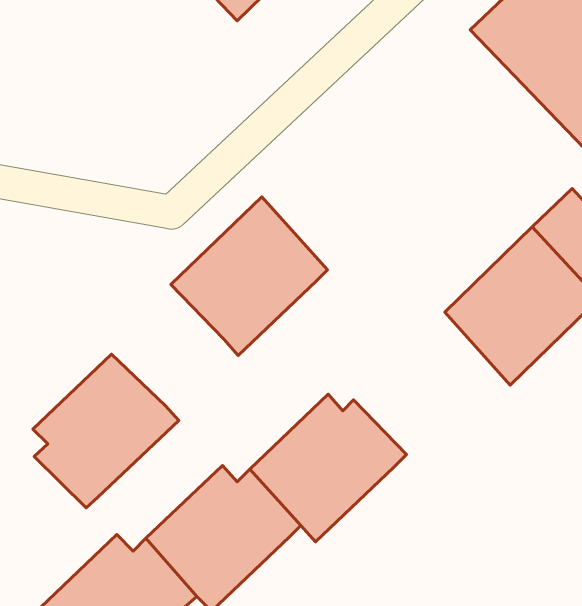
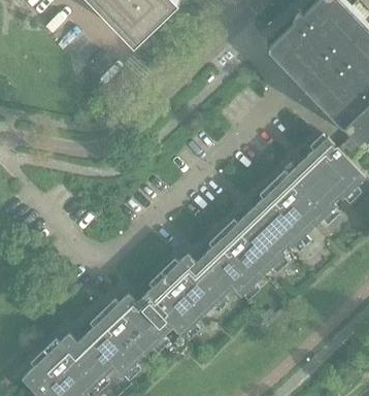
building: [171,197,328,356] -> [201,206,290,296]
building: [33,354,179,508] -> none

